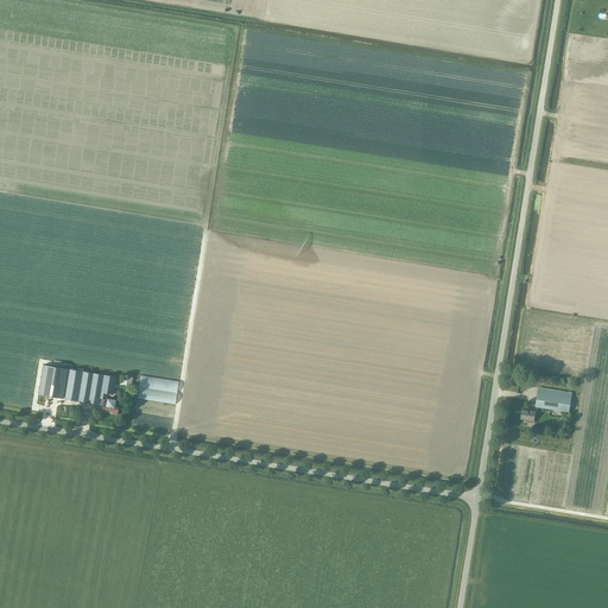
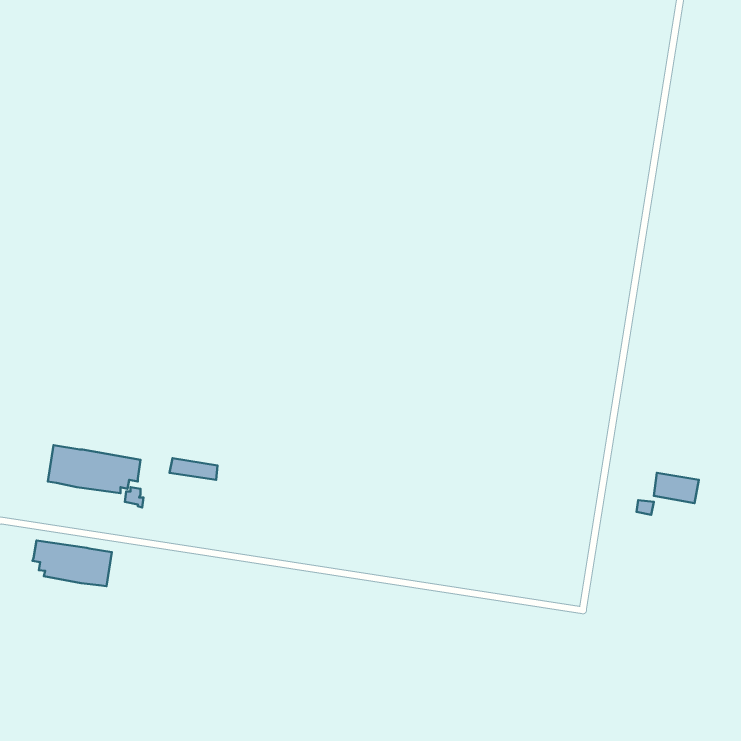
building: none -> [33,540,112,586]

